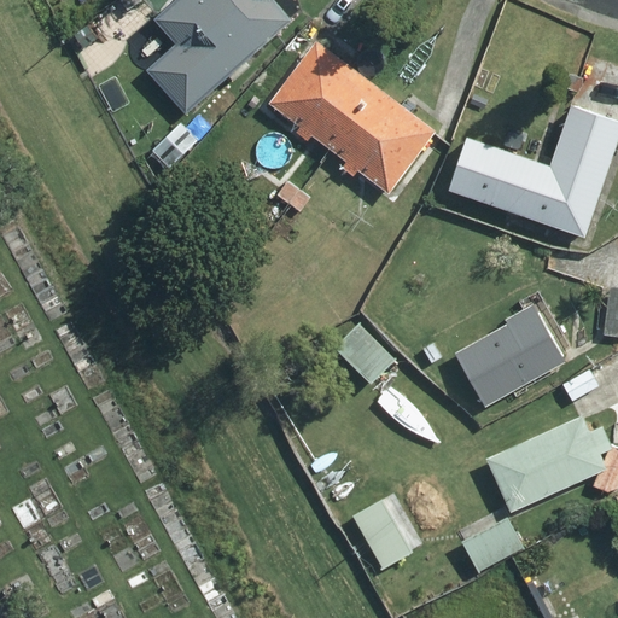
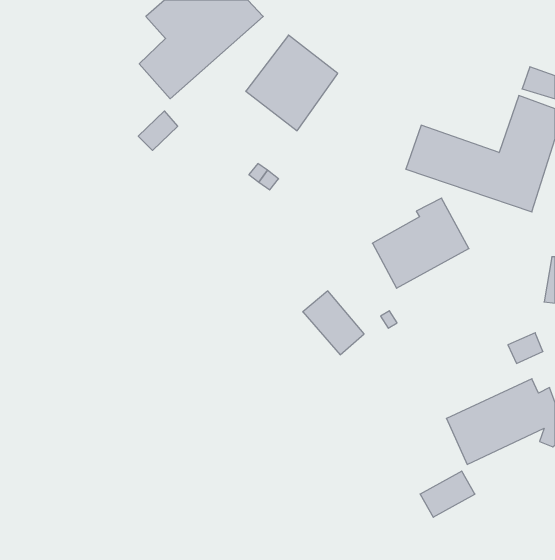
building: [327,82,436,192] -> none
building: [455,305,561,404] -> [372,198,469,288]
building: [352,497,414,569] -> none

